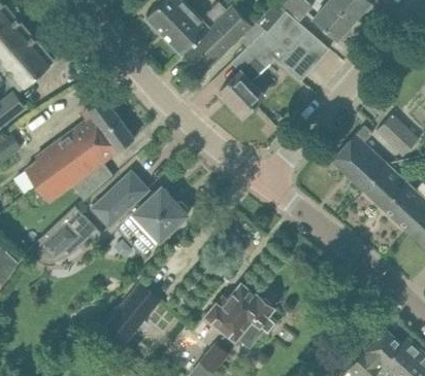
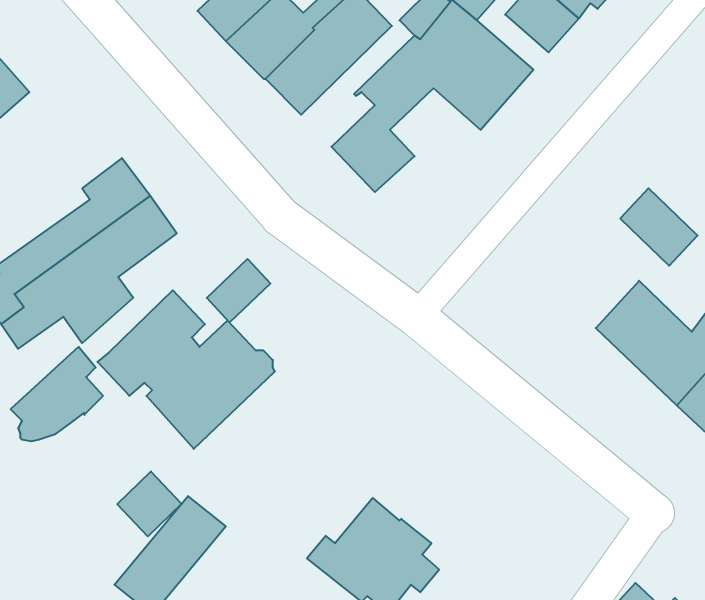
building: [331,126,387,191] -> none
building: none -> [207,259,270,323]
building: none -> [117,471,182,536]

